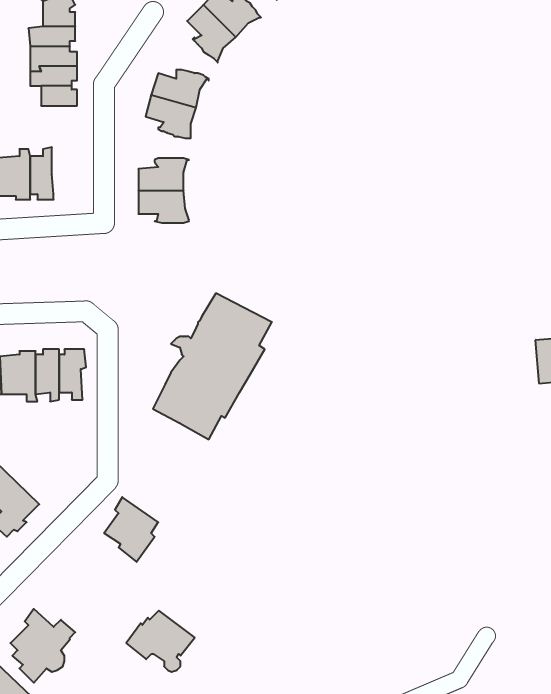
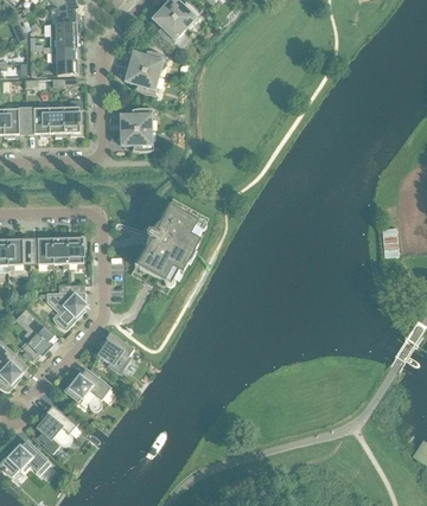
building: none -> [63,98,82,135]
building: none -> [36,290,87,328]
building: [126,611,195,672] -> [64,369,109,409]

